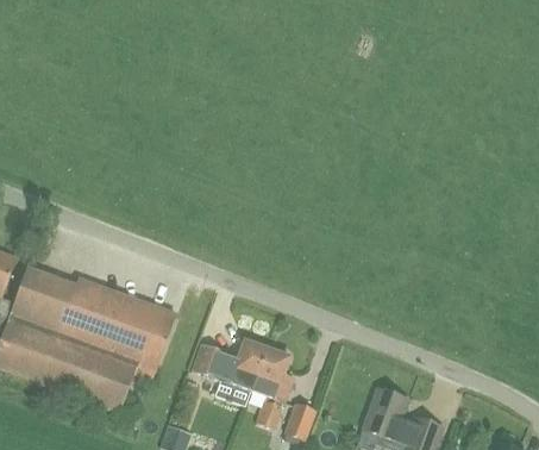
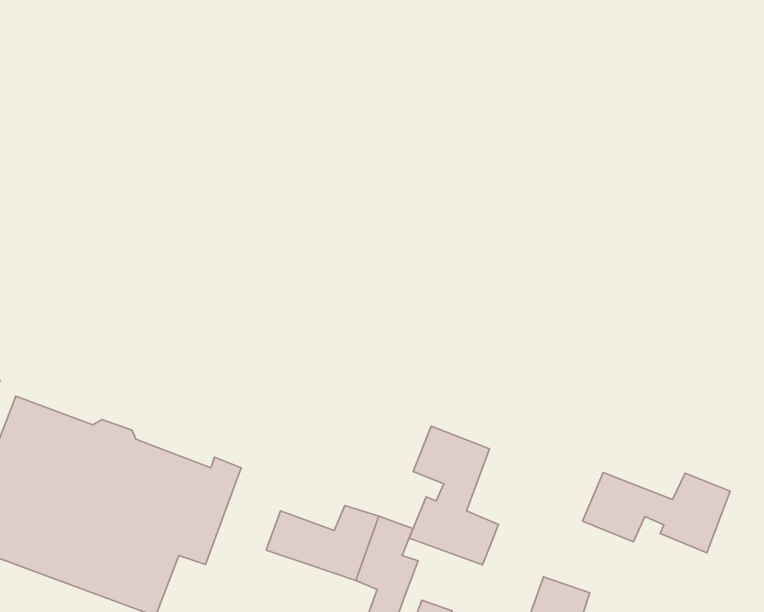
building: none -> [409,426,498,565]
building: none -> [583,472,730,553]

